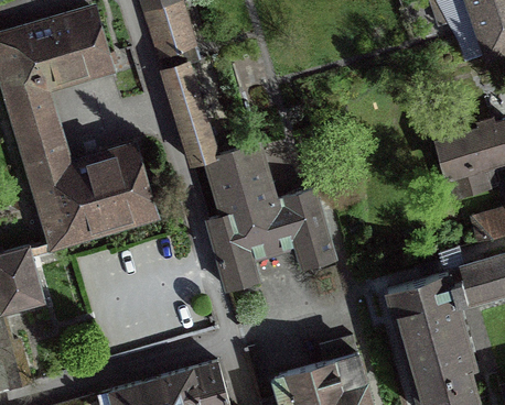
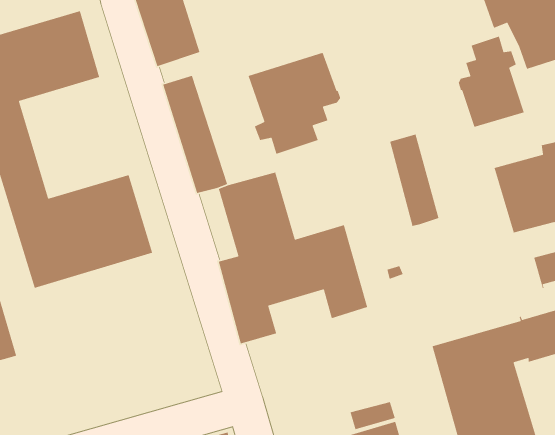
building: none -> [458,36,525,128]
building: none -> [248,52,341,155]
building: none -> [389,133,440,227]

